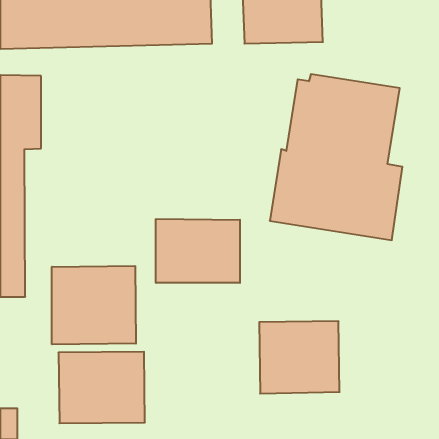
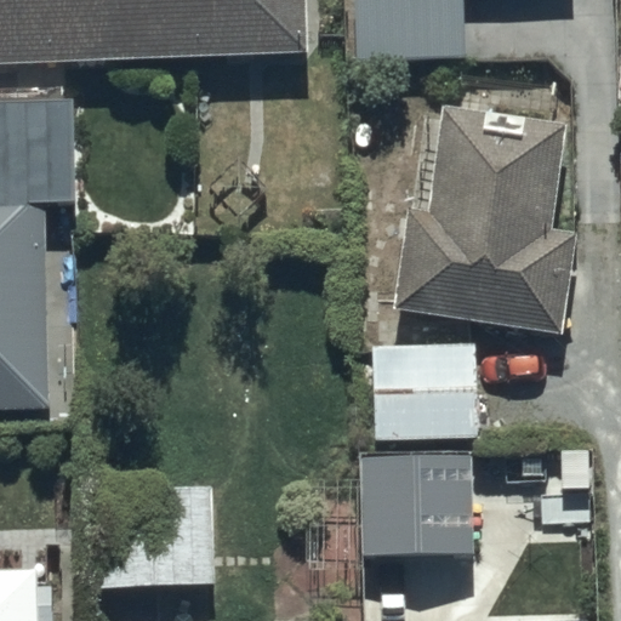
building: [156,219,240,283] -> none
building: none -> [370,342,485,437]
building: [52,266,136,344] -> none

